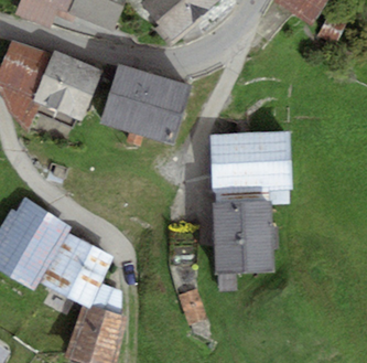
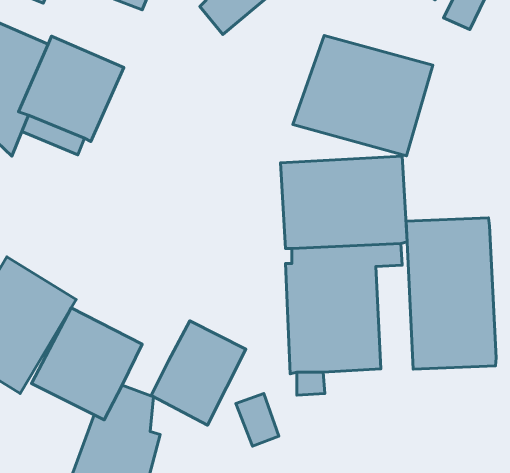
building: [97,62,191,142] -> [293,36,433,156]
building: none -> [406,218,496,369]
building: none -> [151,321,246,425]

